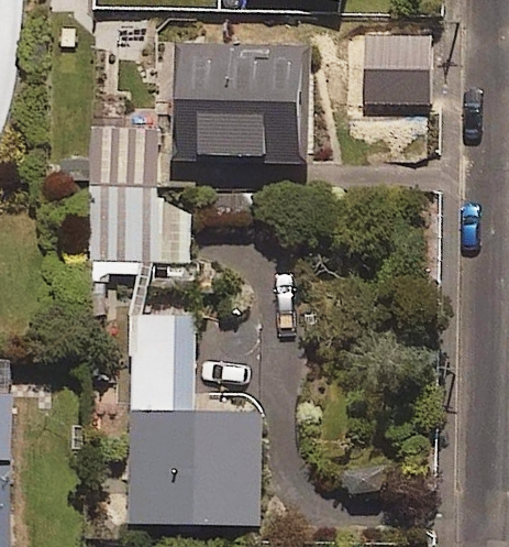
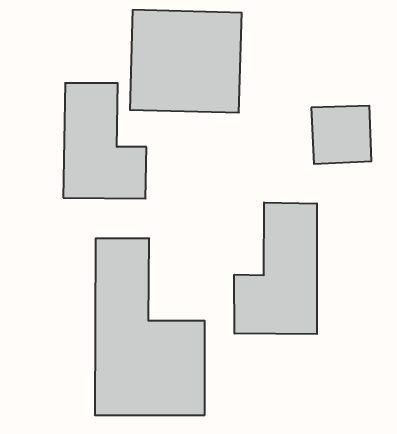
building: [358,35,430,105] -> [311,106,371,164]
building: none -> [234,202,317,334]

